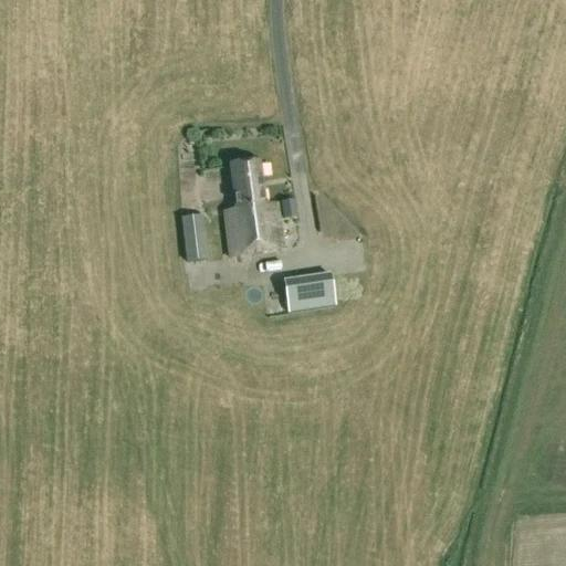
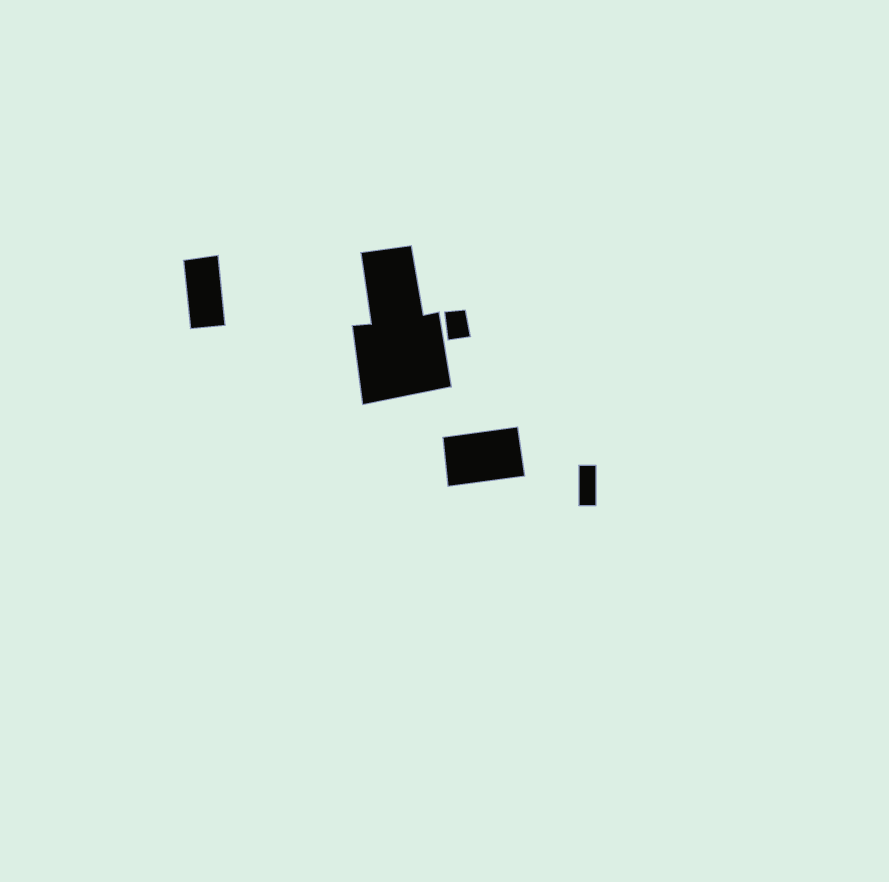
building: [181,212,208,259] -> [183,255,225,329]

